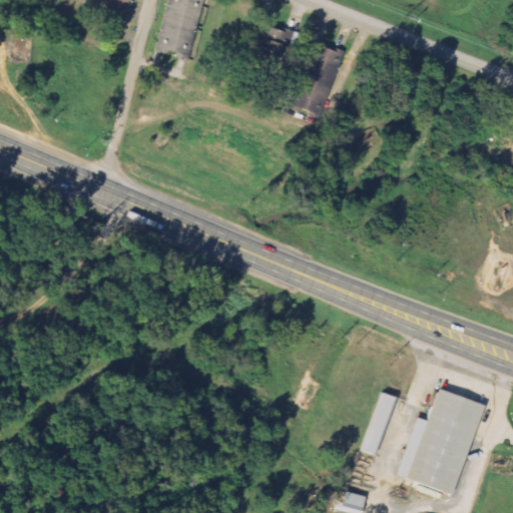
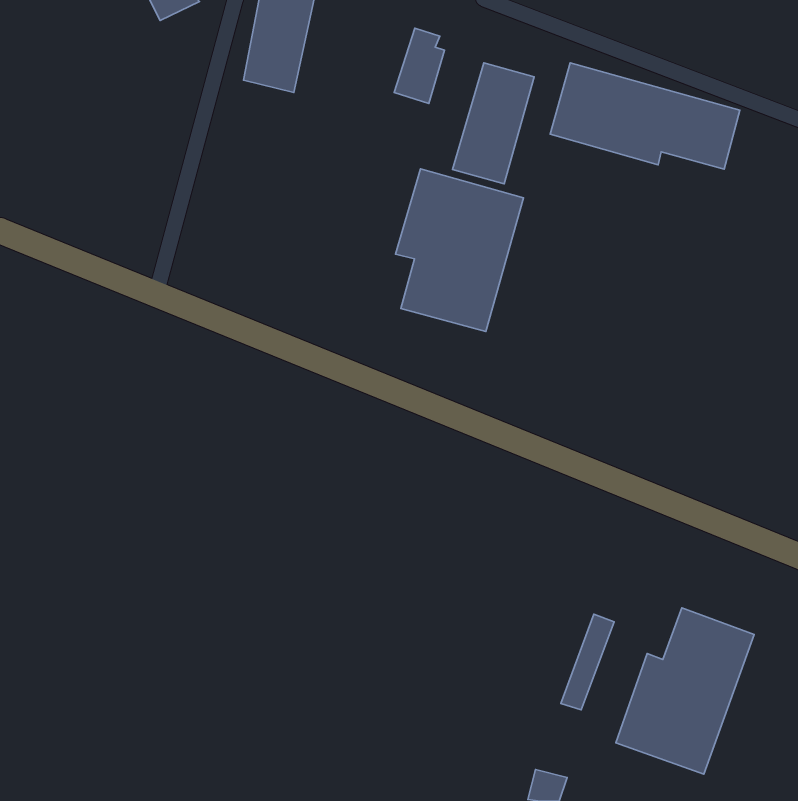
building: none -> [550,63,740,169]
building: none -> [396,169,523,332]

